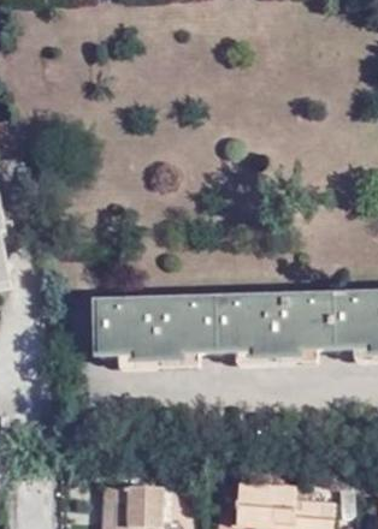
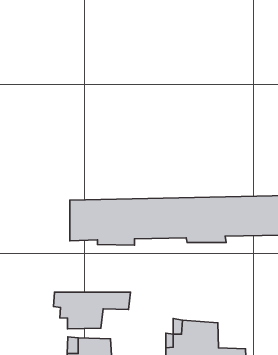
building: none -> [53,292,130,329]

